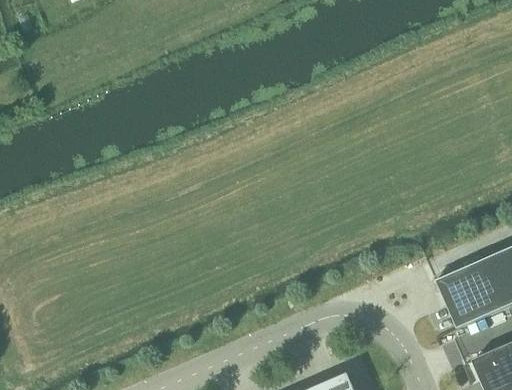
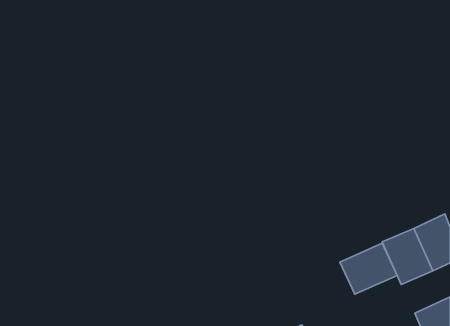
building: none -> [340,243,397,294]

